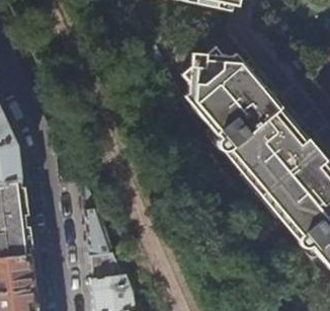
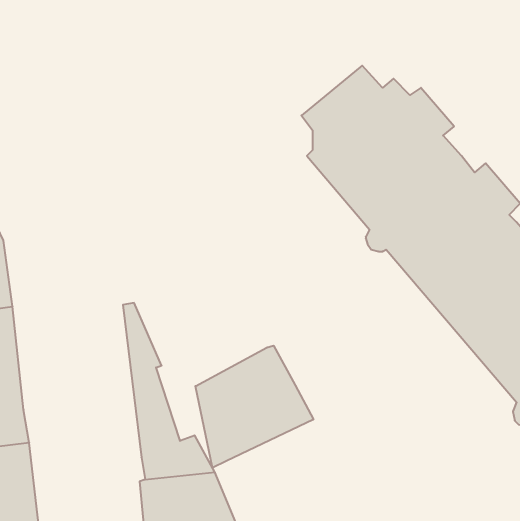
building: none -> [195,346,313,468]

